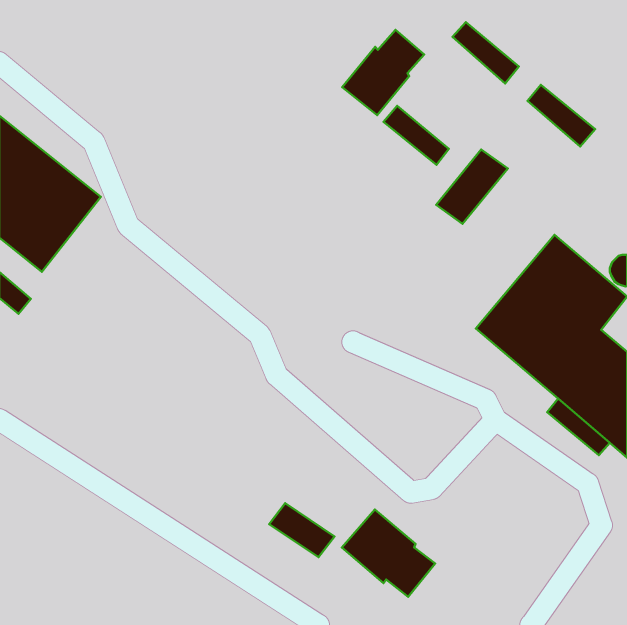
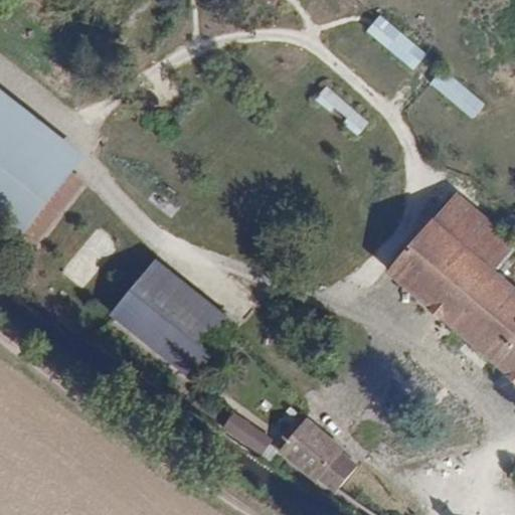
building: [342,30,424,115] -> none
building: [436,149,508,224] -> none
building: none -> [113,266,230,376]

